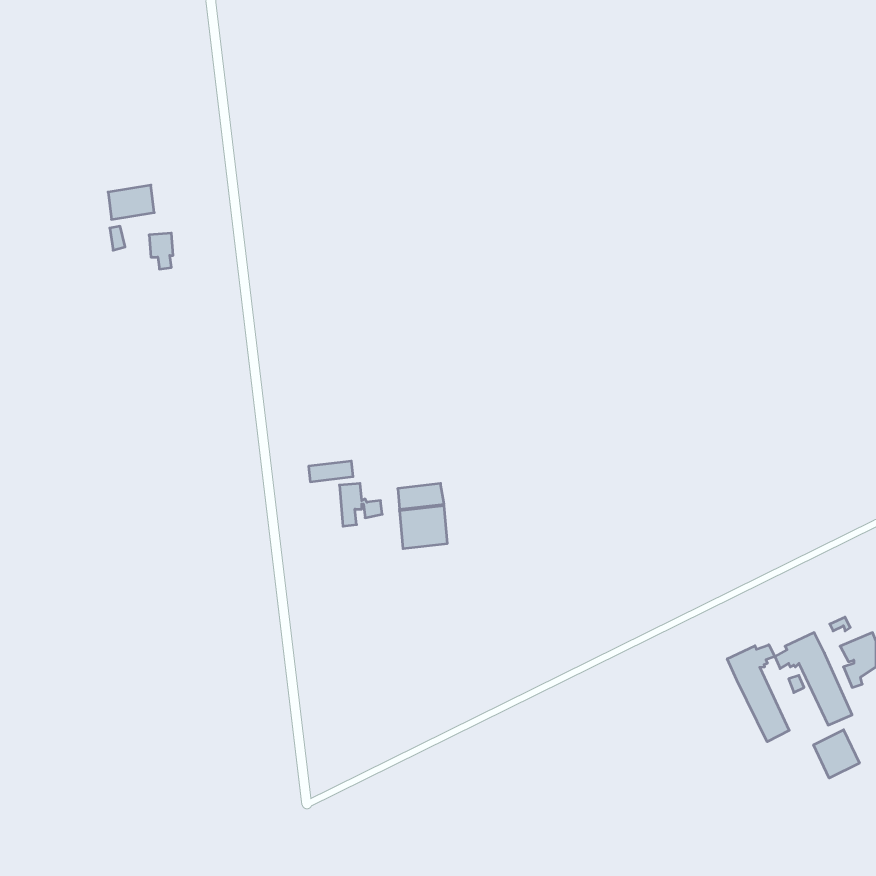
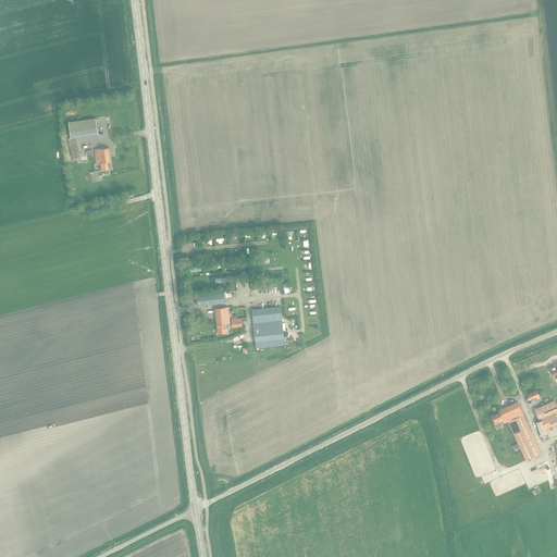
building: [727,645,789,742] -> none
building: [814,730,859,778] -> none

